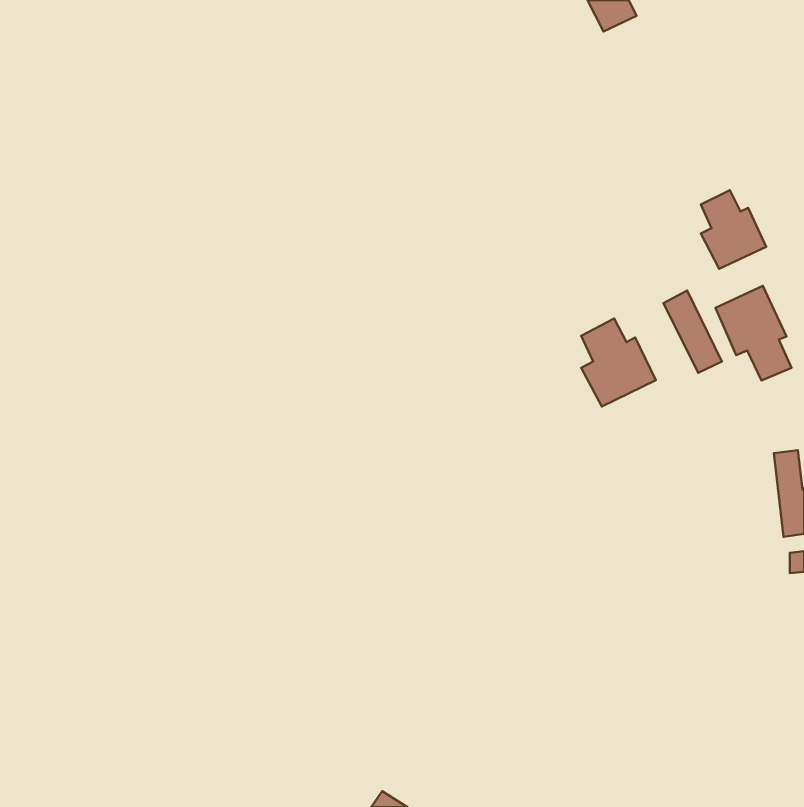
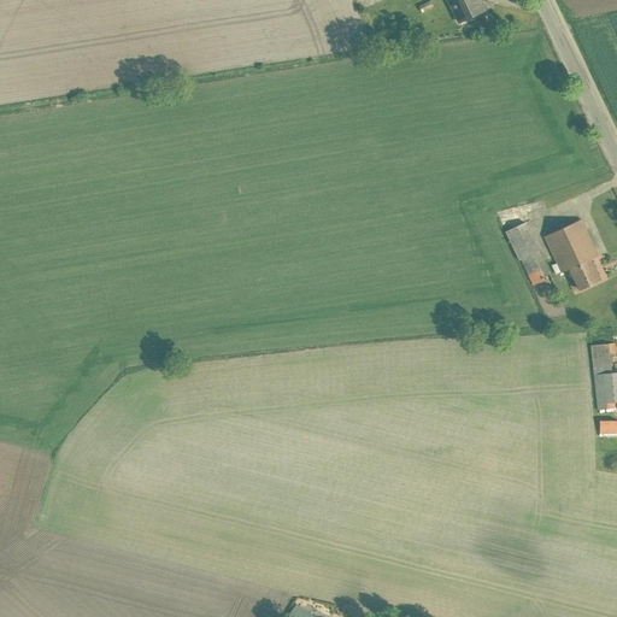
building: [701,190,766,269] -> none
building: [581,319,656,407] -> none

